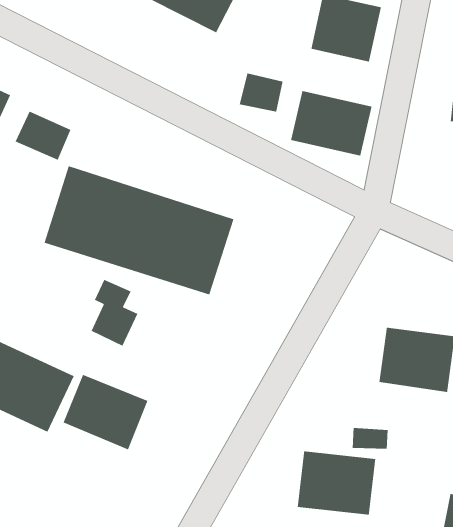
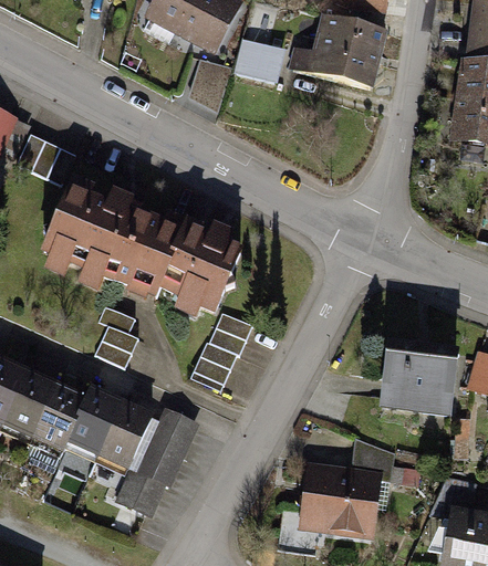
building: [239,72,284,113] -> [239,39,283,78]
building: [290,90,373,156] -> none
building: none -> [194,310,253,386]
building: none -> [122,406,197,511]

